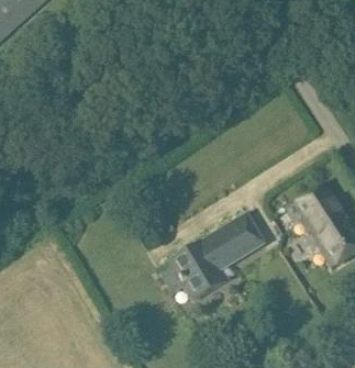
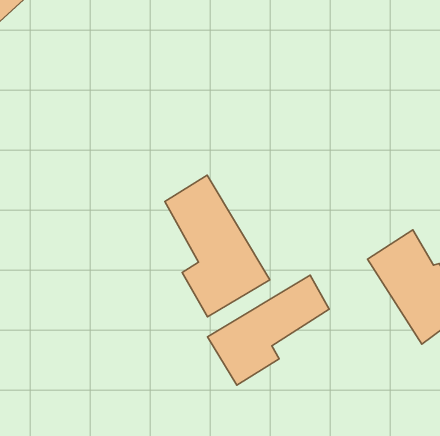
building: none -> [165,175,270,317]

